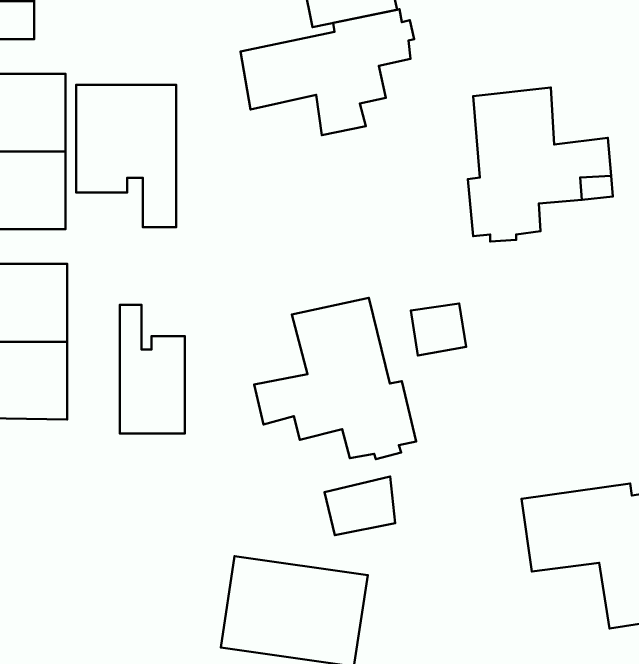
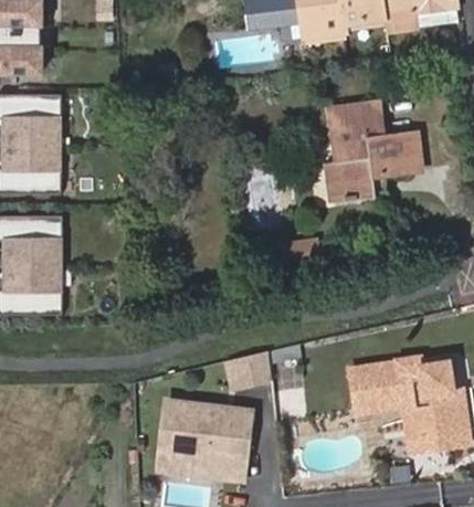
building: [240,9,414,135] -> none
building: [76,85,176,227] -> none
building: [254,298,416,459] -> none
building: [120,305,185,434] -> none

